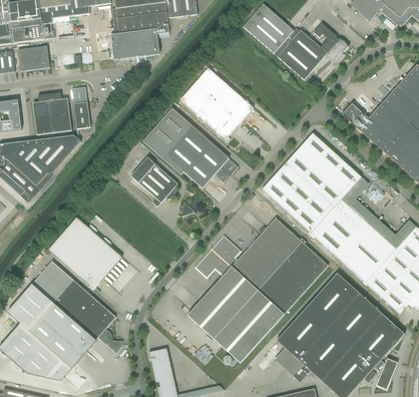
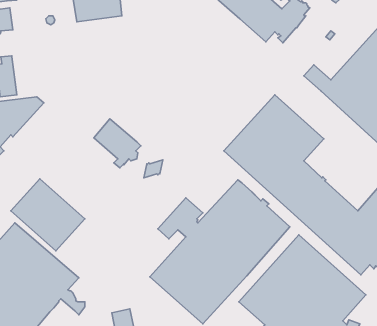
building: [180,67,254,140] -> none
building: [71,86,90,128] -> none
building: [49,92,71,132] -> none
building: [143,107,239,187] -> none

